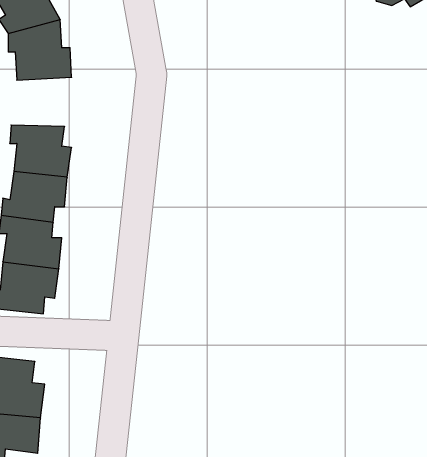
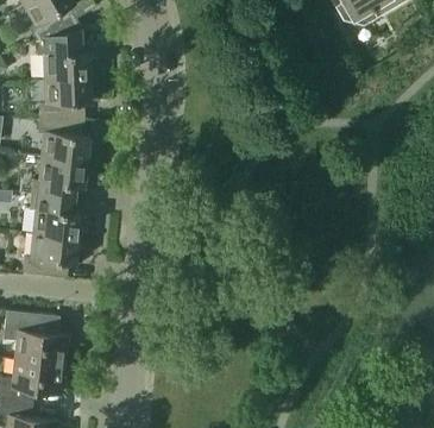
building: none -> [38,76,92,118]

